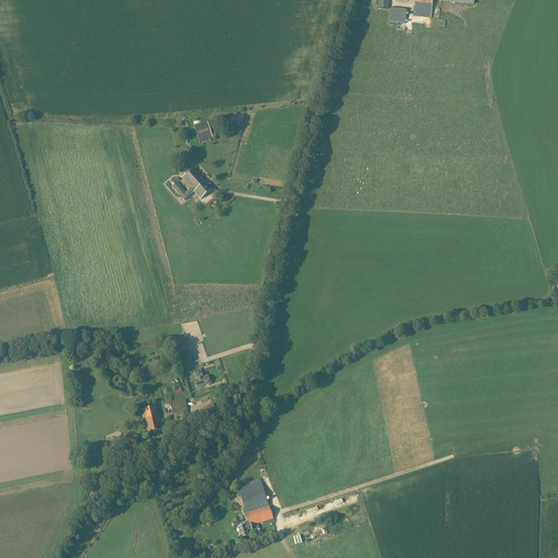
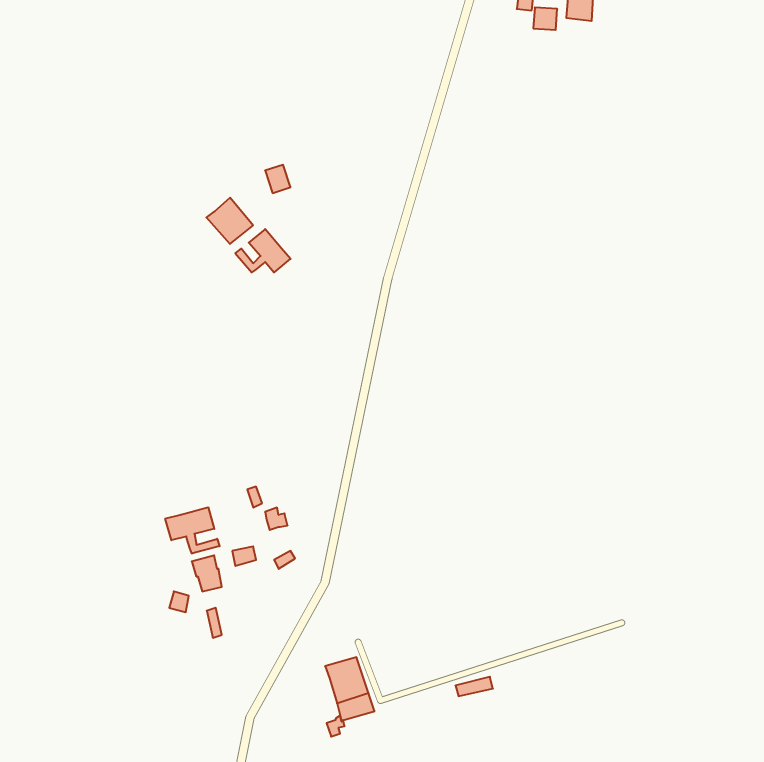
building: none -> [206,198,253,244]
building: none -> [165,507,220,554]

